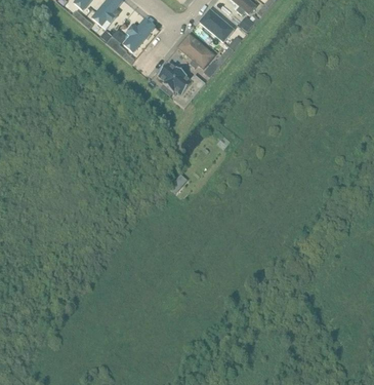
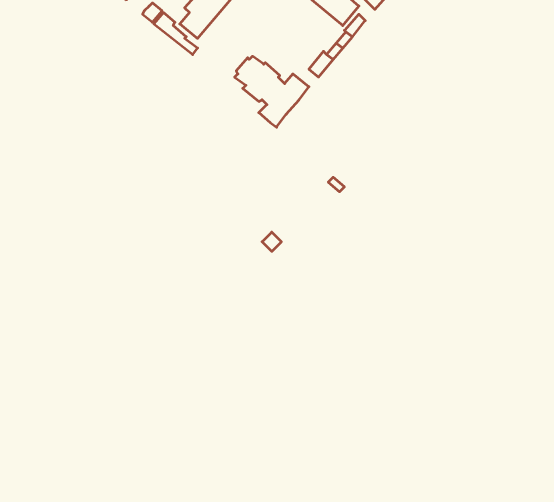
building: [177,34,214,69] -> none

